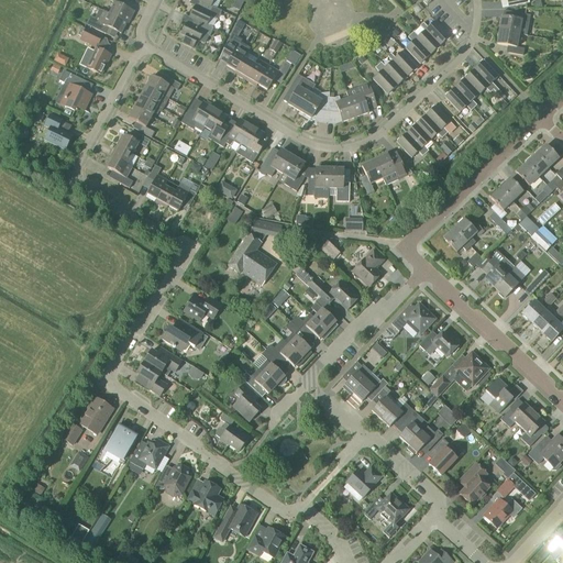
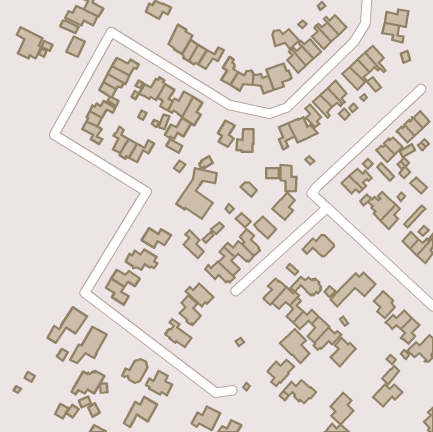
building: [180,18,213,48] -> none
building: none -> [273,29,299,49]
building: [59,69,92,110] -> [17,27,42,59]
building: [44,113,71,148] -> none
building: [258,148,292,176] -> [165,118,191,139]
building: [329,167,350,201] -> [281,165,297,191]
building: [419,331,459,355] -> [291,277,321,295]
building: [258,349,285,385] -> [183,230,204,258]
building: none -> [280,329,309,363]
building: [126,439,169,470] -> [71,371,104,394]
building: [460,463,489,504] -> [330,393,353,424]
building: [214,504,257,543] -> [124,397,157,427]

